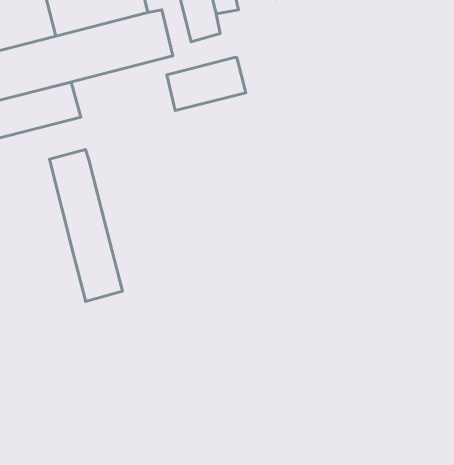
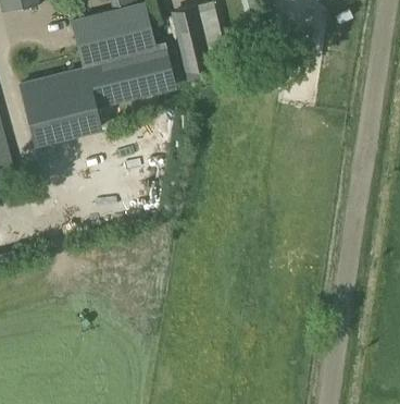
building: [167,58,246,110] -> none
building: [49,149,122,302] -> none

